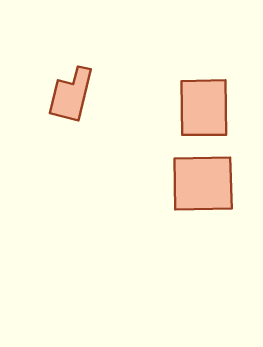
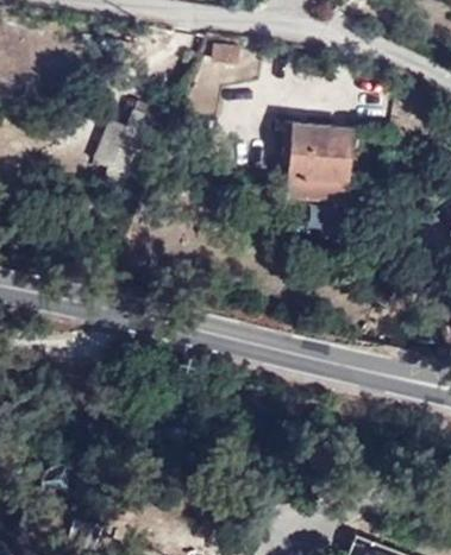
building: [175,158,232,209] -> none

